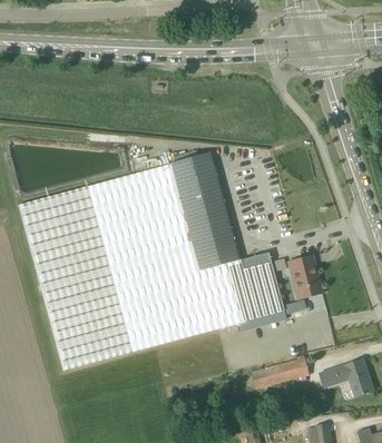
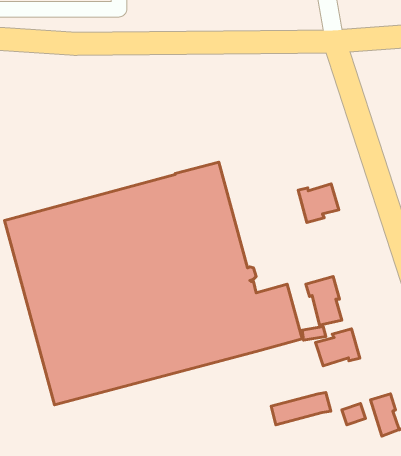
building: none -> [298,184,339,223]
building: none -> [316,329,360,366]

